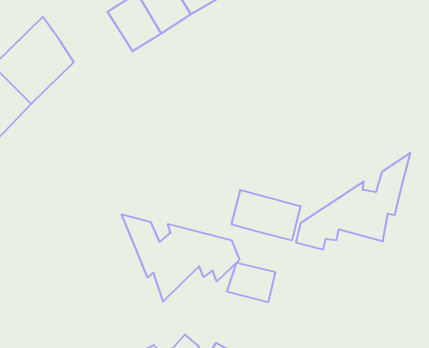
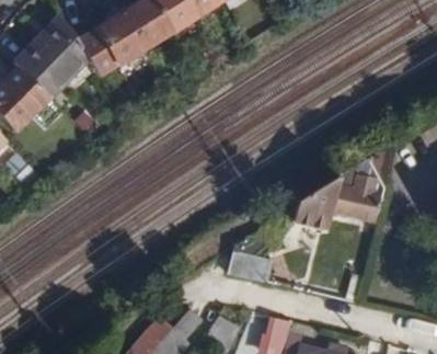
building: none -> [74,12,141,75]
building: [232,190,301,240] -> none
building: [122,214,239,302] -> none

